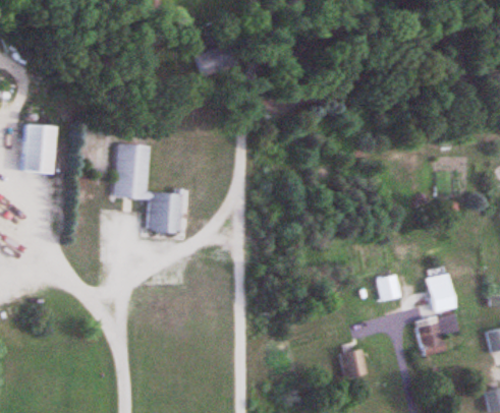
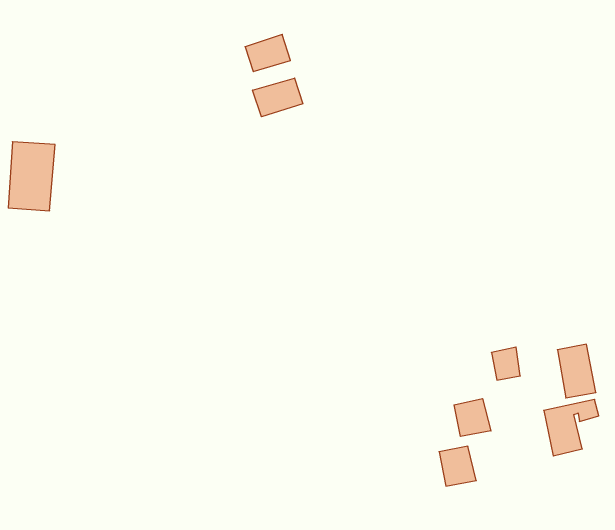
building: none -> [253,78,303,117]
building: [114,143,181,233] -> none
building: none -> [454,399,491,436]

